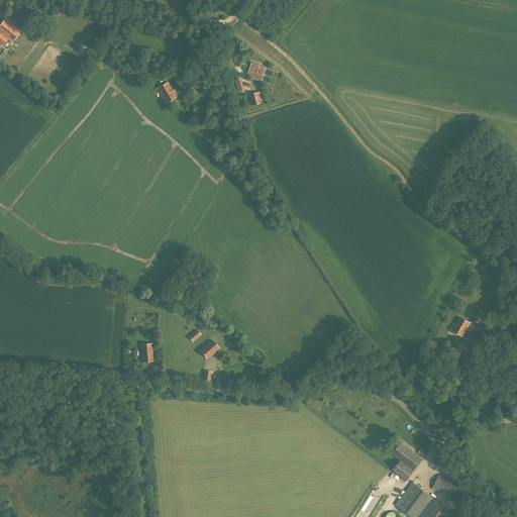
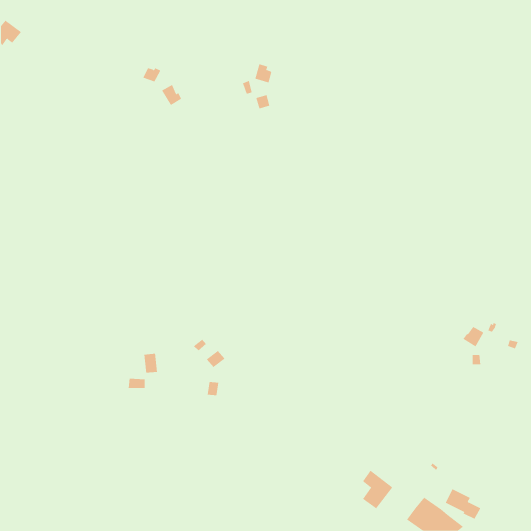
building: [392,442,422,481] -> [362,470,393,509]

